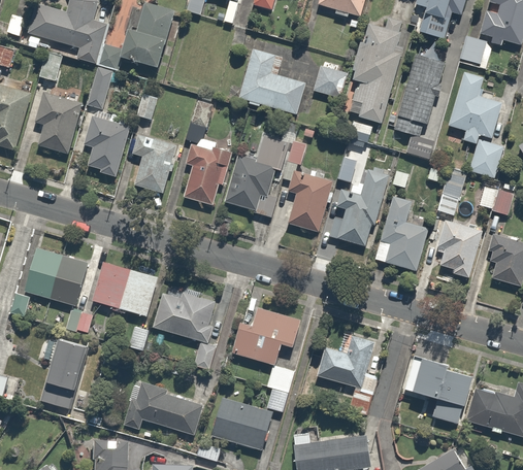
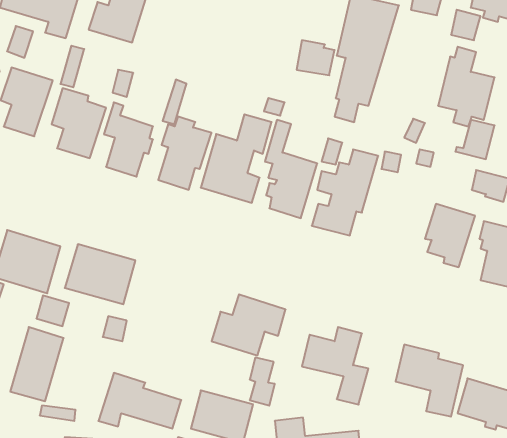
building: [237,48,304,115] -> none
building: [390,56,442,141] -> none
building: [436,169,465,216] -> none
building: [375,198,431,273] -> none
building: [153,292,220,370] -> none

